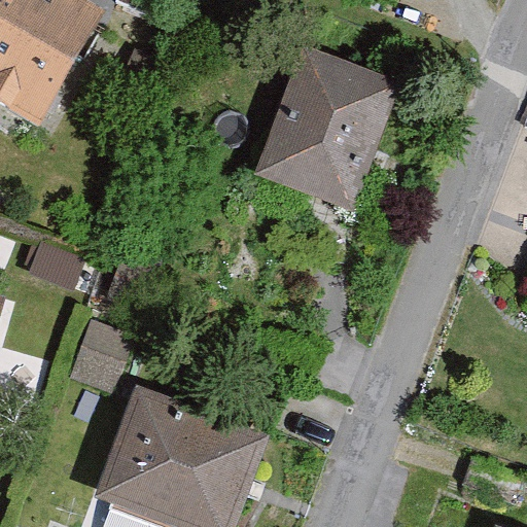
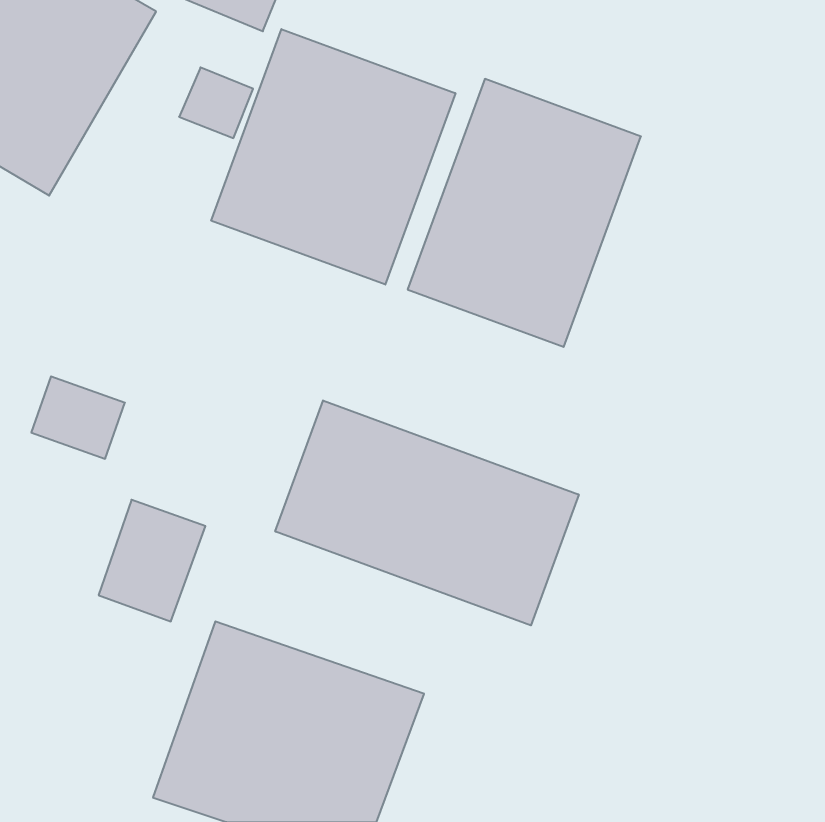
building: none -> [211,29,455,285]
building: none -> [275,400,579,625]

